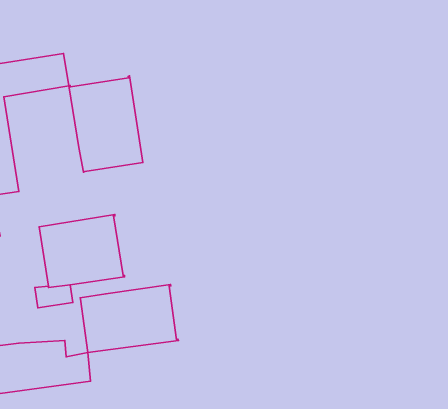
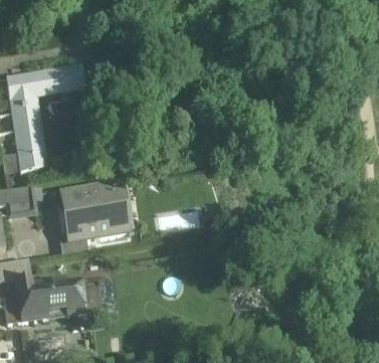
building: [69,76,143,172] -> none
building: [80,285,178,353] -> none

